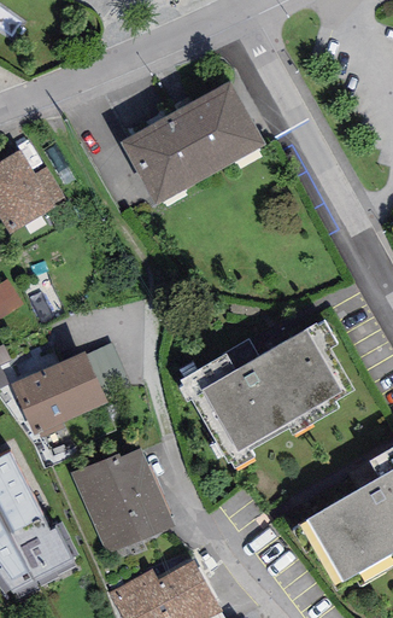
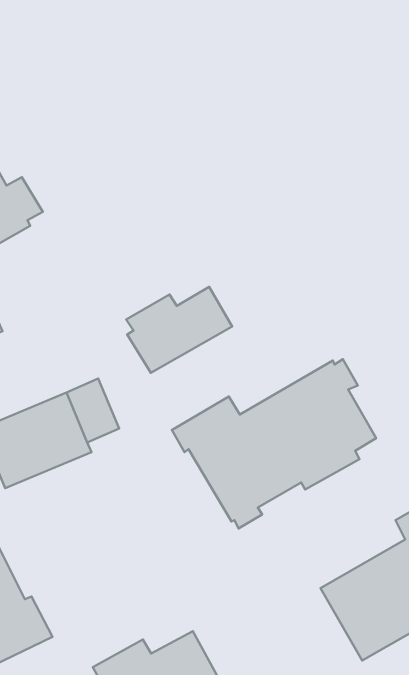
building: [119,82,264,205] -> none
building: none -> [126,287,232,373]
building: [71,448,174,554] -> none

